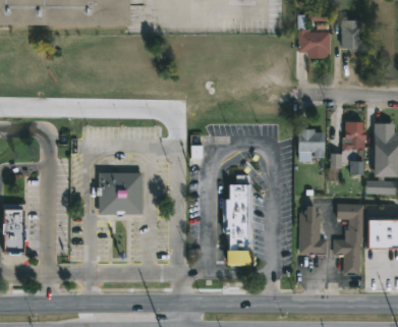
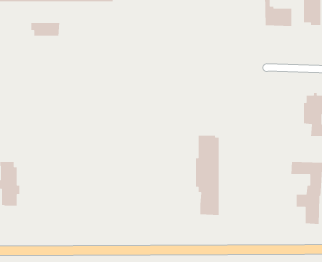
building: none -> [31,22,60,37]
building: [297,113,325,162] -> none
building: [95,172,140,217] -> none
building: [299,206,327,255] -> none

